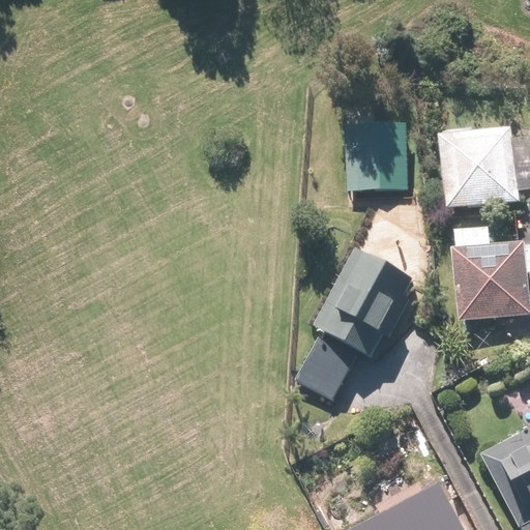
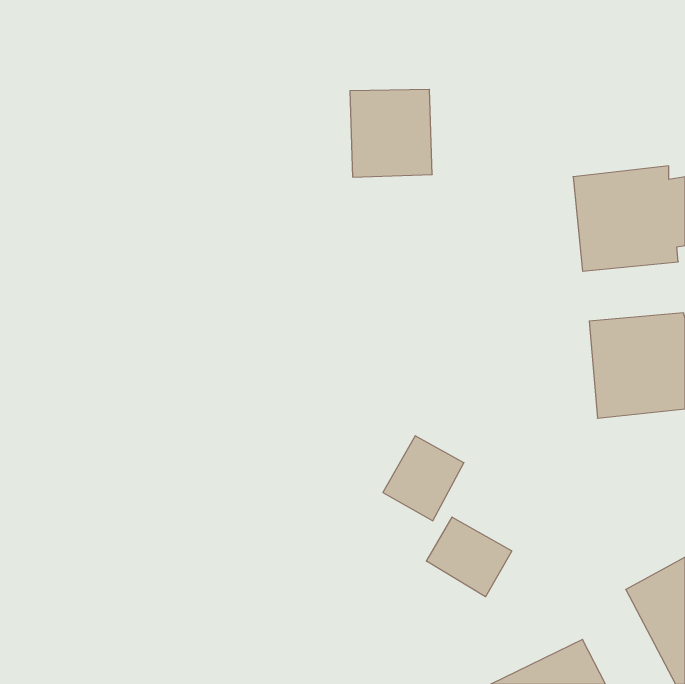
building: [346,123,409,190] -> [350,89,432,177]
building: [314,245,415,356] -> none
building: none -> [426,517,512,597]

